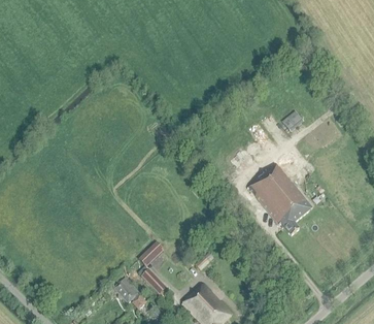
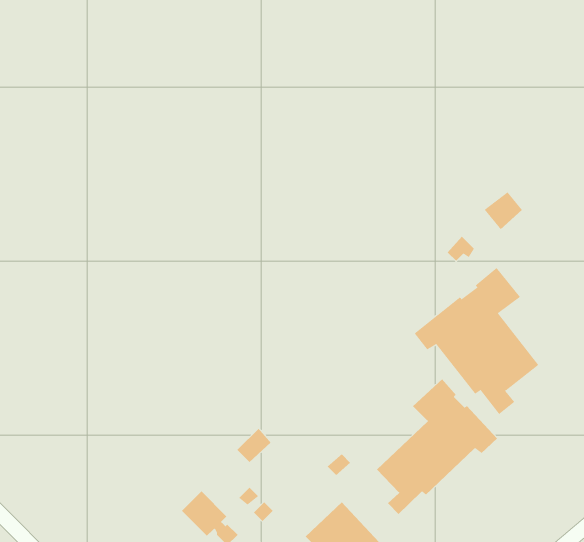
building: none -> [376,379,498,515]

